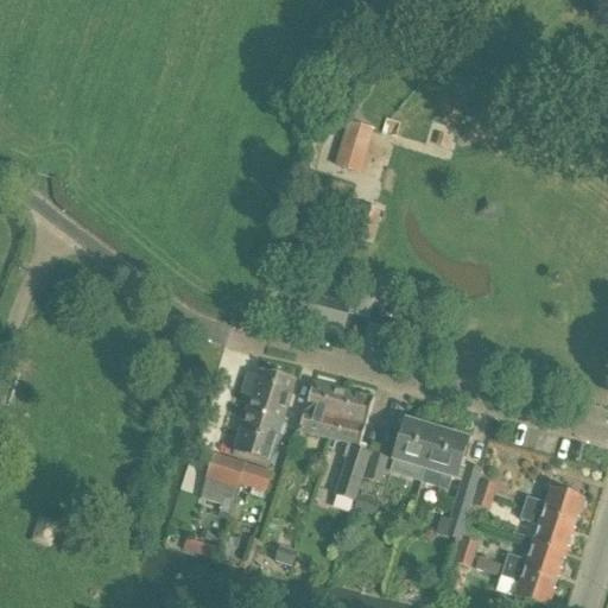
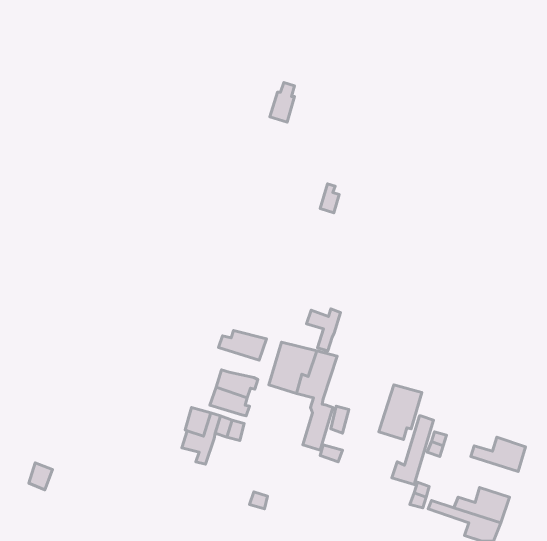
building: [336,124,363,167] -> [270,83,295,122]
building: none -> [307,309,340,351]
building: [241,386,287,419] -> none
building: [393,418,437,468] -> none
building: [519,507,575,552] -> none

